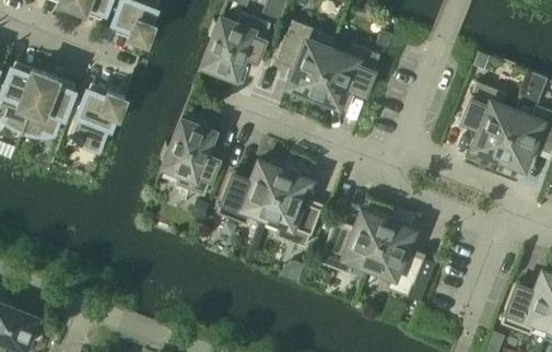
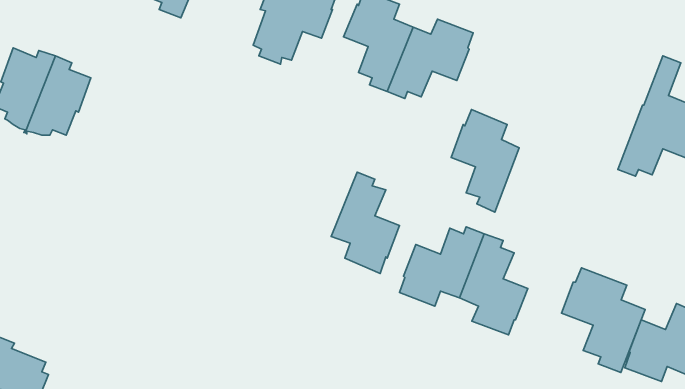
building: [461,82,516,164] -> [451,110,519,212]
building: [72,89,126,152] -> none
building: [162,117,220,196] -> none
building: [219,160,287,224] -> none
building: none -> [562,268,645,372]

